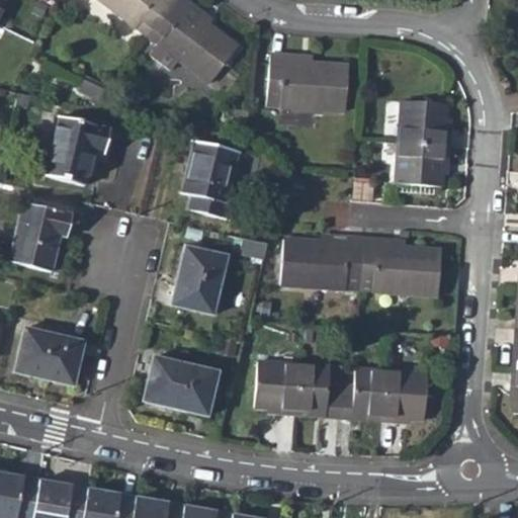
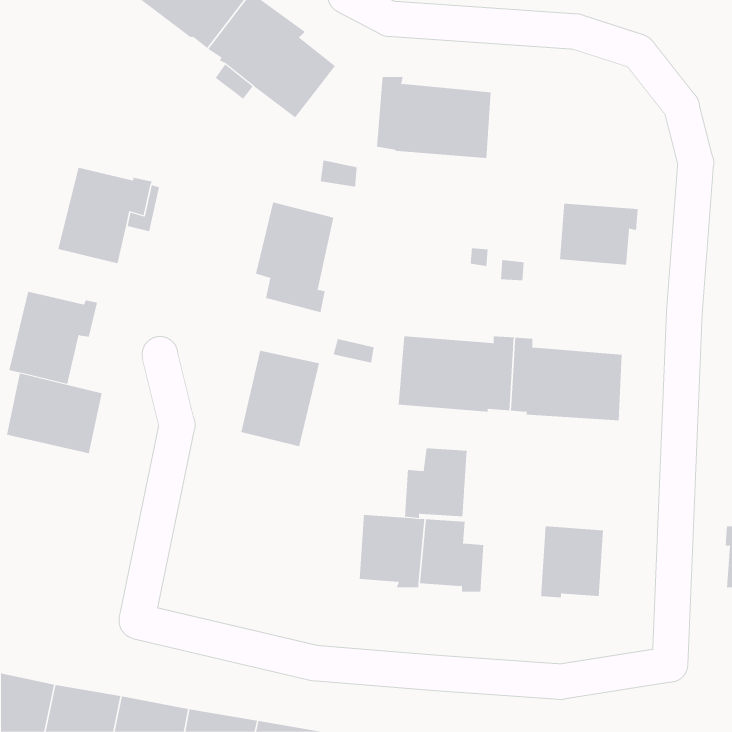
building: [399,100,452,147] -> none
building: [14,328,82,384] -> [6,373,103,454]
building: [144,356,218,417] -> none
building: [341,367,385,417] -> [404,448,468,518]

